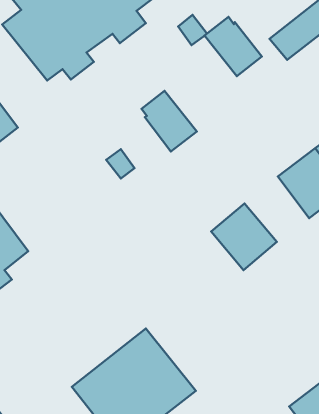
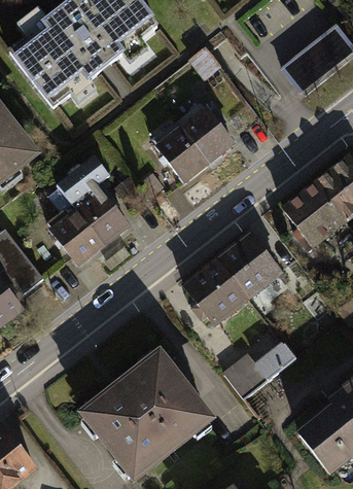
building: [205,17,262,76] -> [175,102,232,161]
building: none -> [50,155,132,264]
building: none -> [188,259,253,324]
building: none -> [226,341,301,397]

